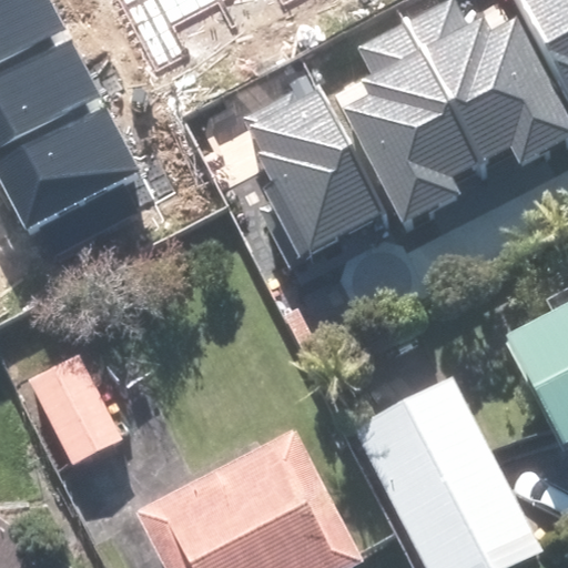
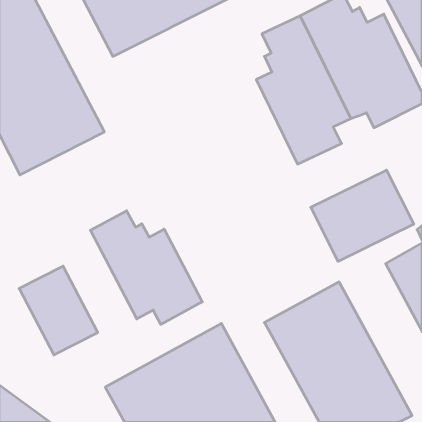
building: [232,81,367,241] -> none
building: none -> [311,170,414,261]
building: none -> [90,211,202,324]

